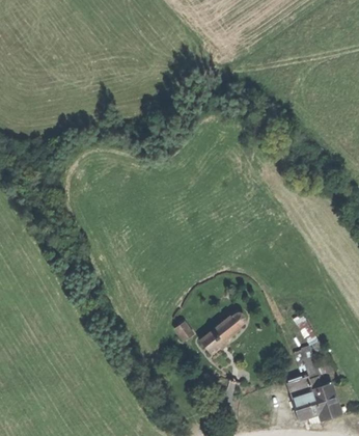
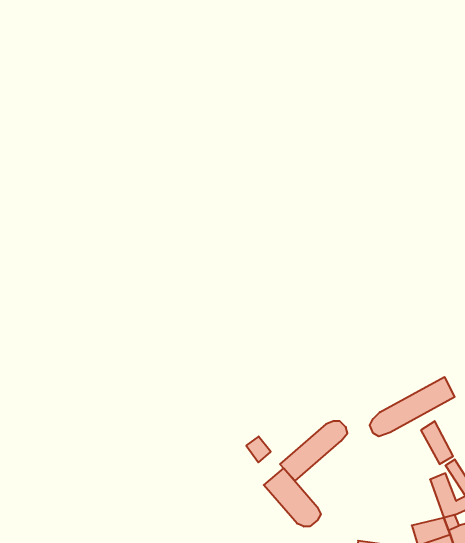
building: none -> [370,377,455,436]
building: none -> [264,468,321,527]

